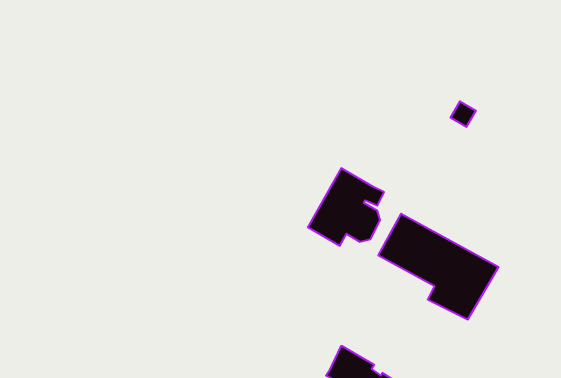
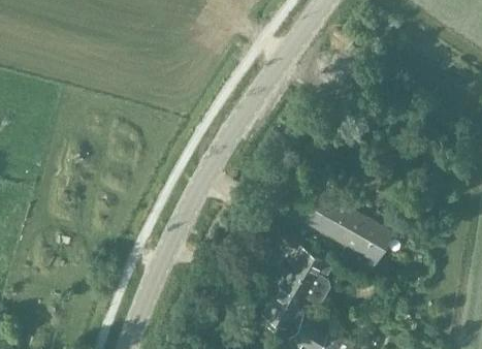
building: [308,168,384,246] -> [275,250,333,310]

